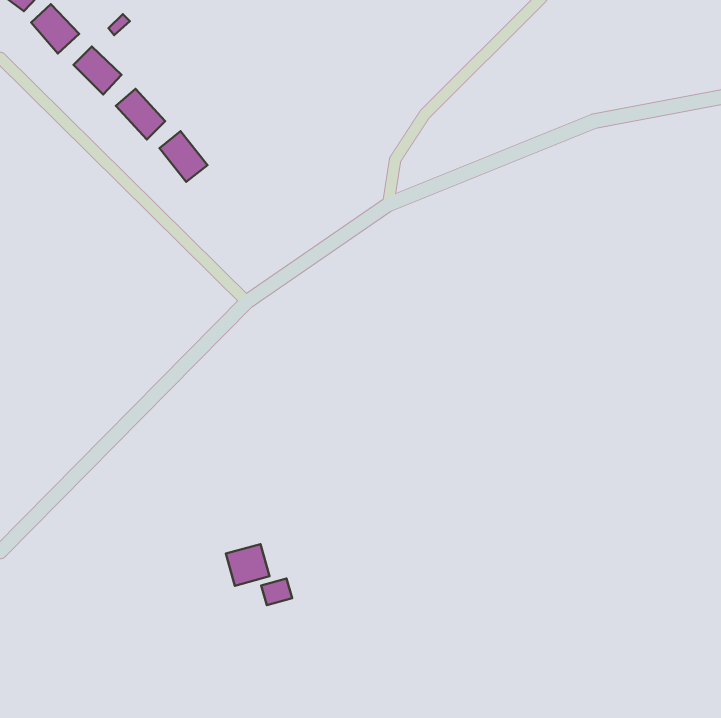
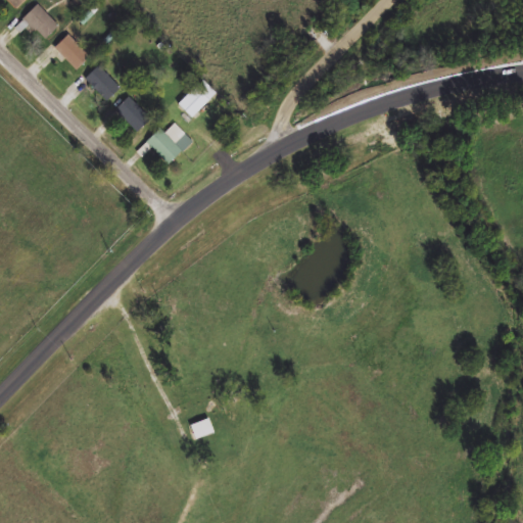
building: none -> [177,79,217,117]
building: none -> [146,123,192,163]
building: [226,544,269,586] -> none

